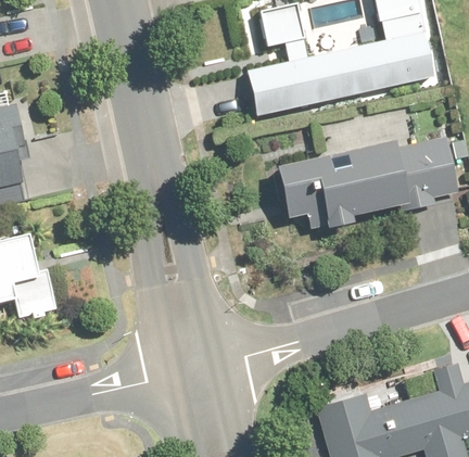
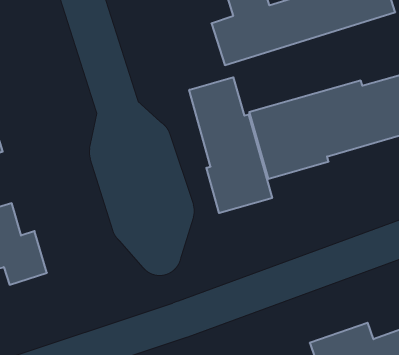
building: none -> [189,77,272,213]

